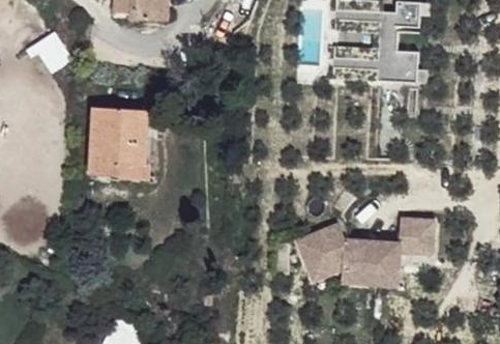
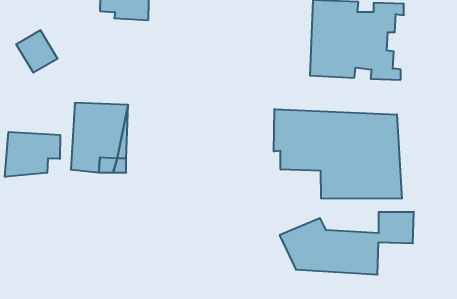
building: none -> [274,109,402,199]
building: none -> [5,132,60,177]

